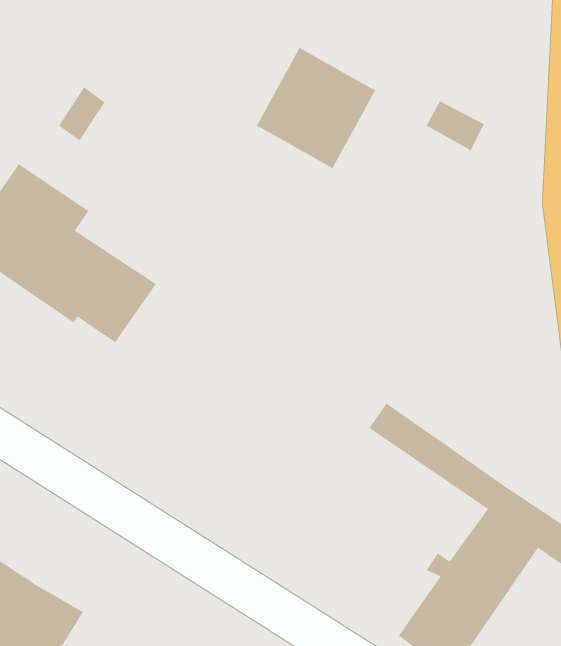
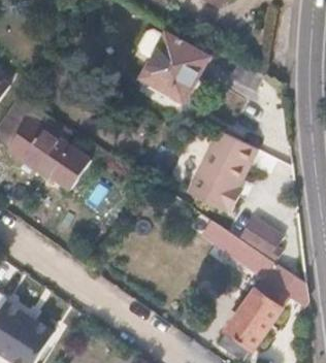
building: none -> [185,126,258,210]
building: none -> [238,217,284,264]

